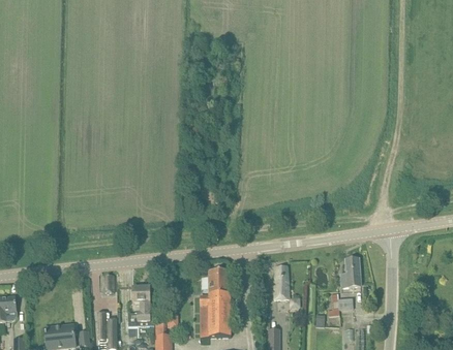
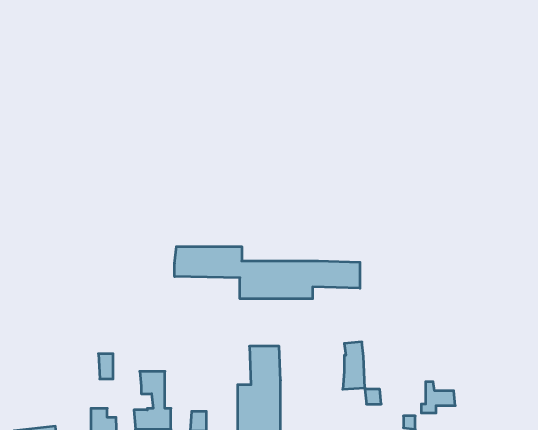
building: none -> [175,247,360,299]
building: [341,257,361,287] -> none

